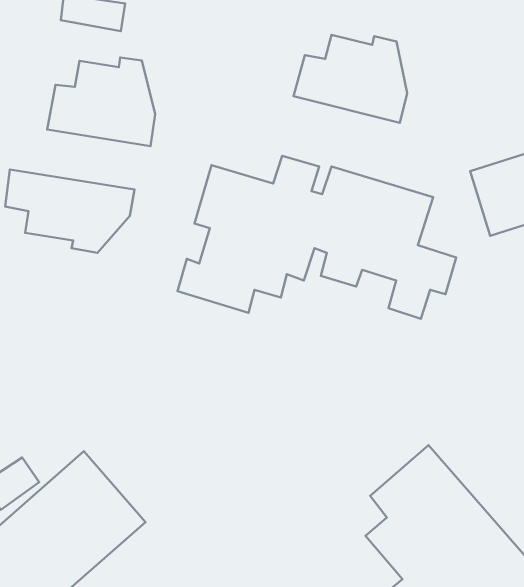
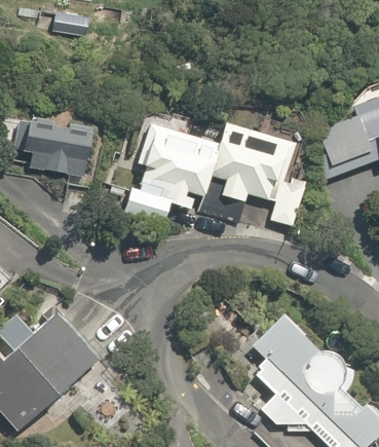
building: [293,35,407,123] -> none
building: [47,58,155,146] -> none

